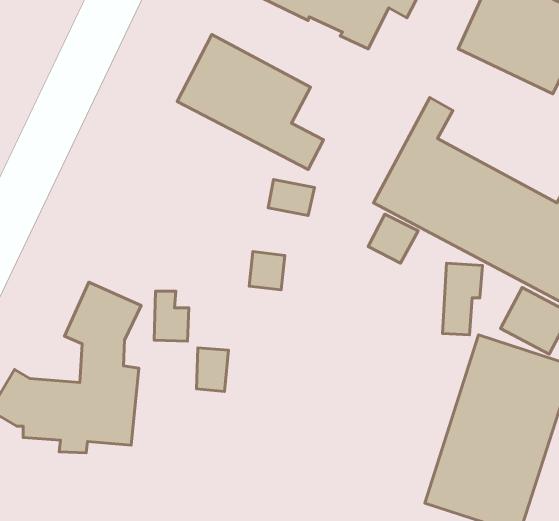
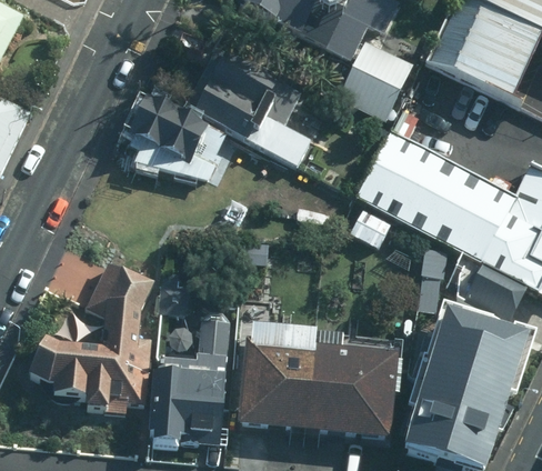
building: none -> [337,40,413,119]
building: none -> [122,92,228,181]
building: none -> [235,323,395,439]
building: none -> [148,351,223,447]

